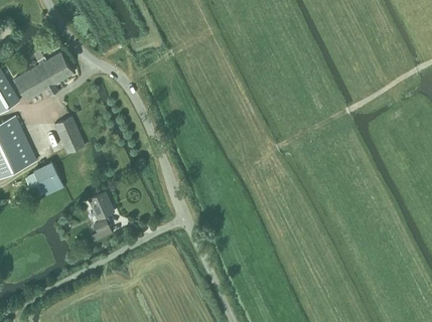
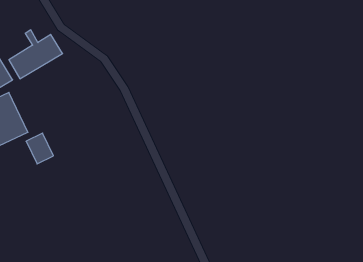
building: [55,117,86,153] -> none
building: [89,192,114,233] -> none

